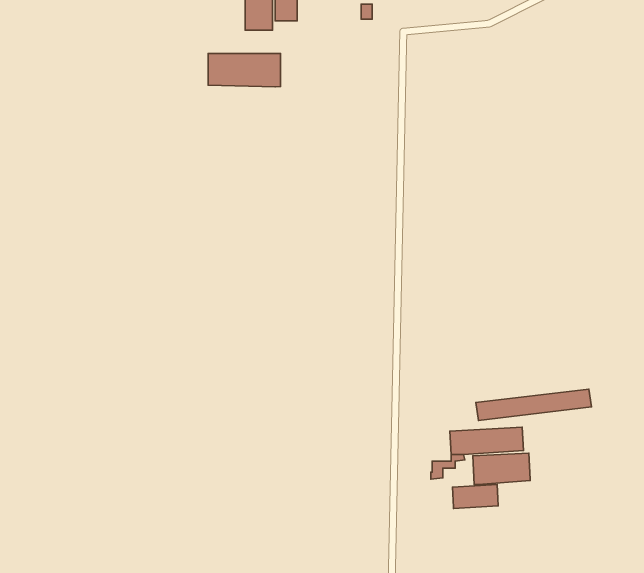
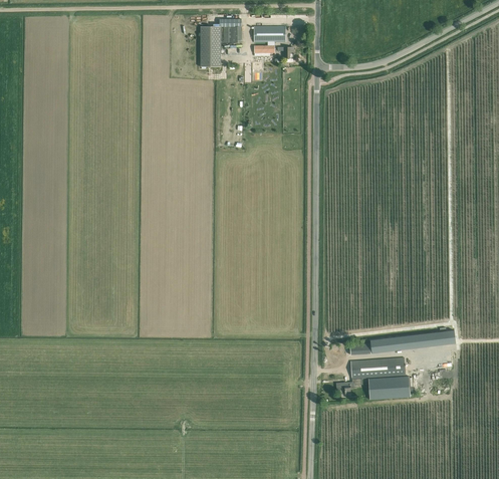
building: [208,54,281,87] -> none
building: [452,485,498,508] -> none

